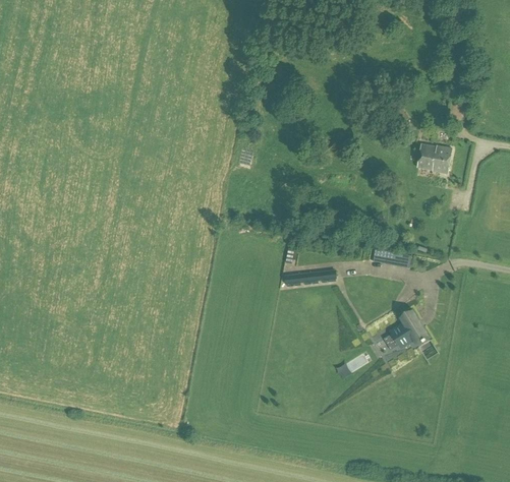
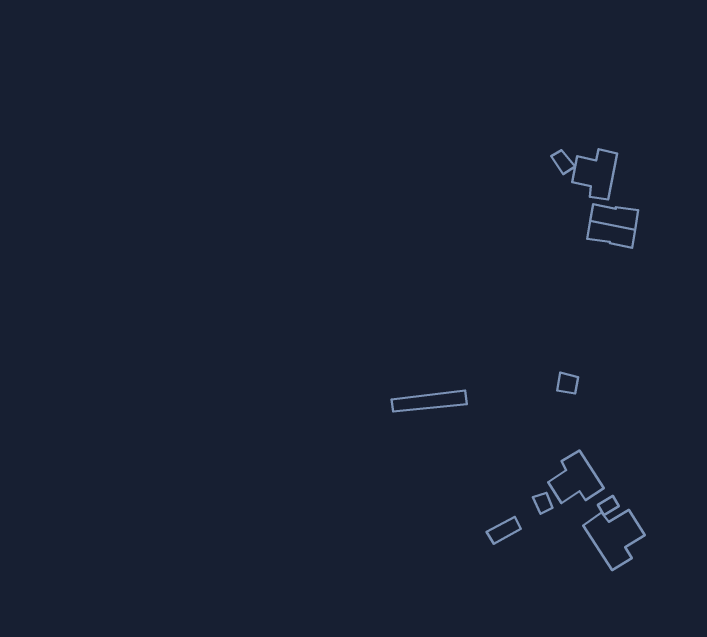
building: none -> [572,149,617,200]
building: none -> [583,510,645,570]

